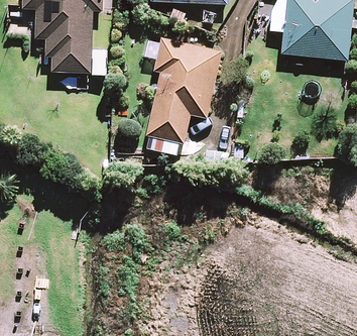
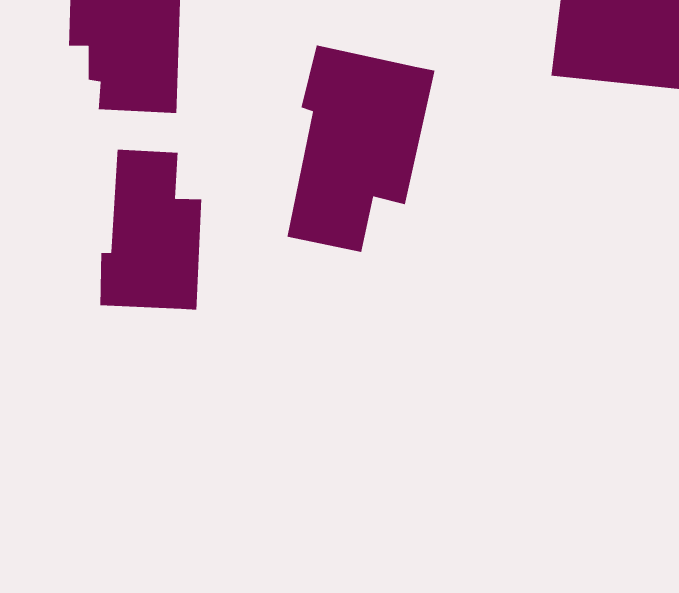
building: none -> [100,149,202,311]

